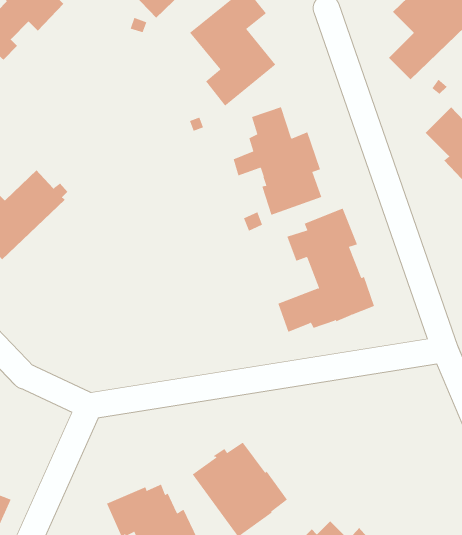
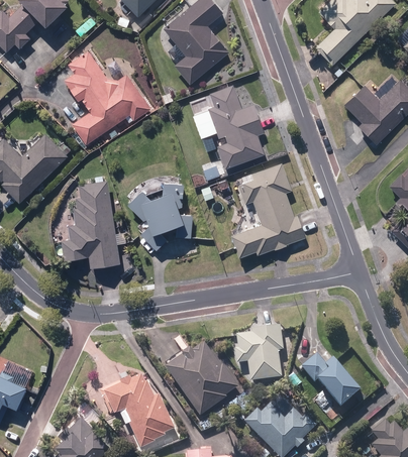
building: none -> [68,50,150,144]
building: none -> [61,177,126,268]
building: none -> [128,183,193,250]
building: none -> [235,325,283,380]
building: none -> [301,353,361,407]

